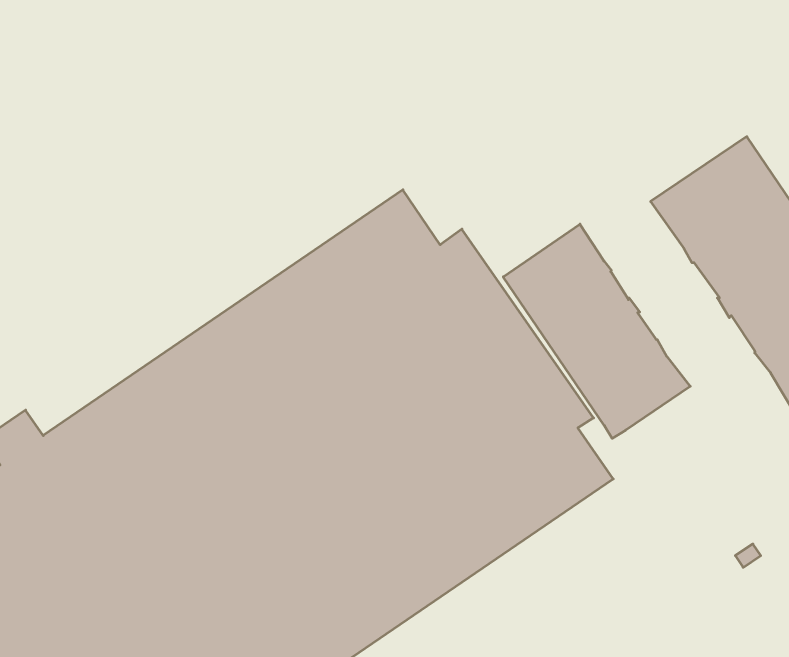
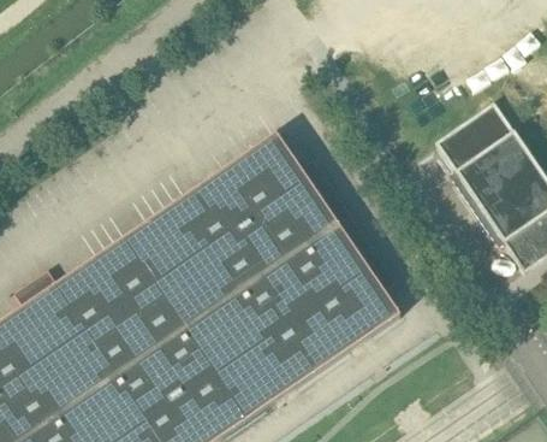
building: [503,224,690,438] -> none

